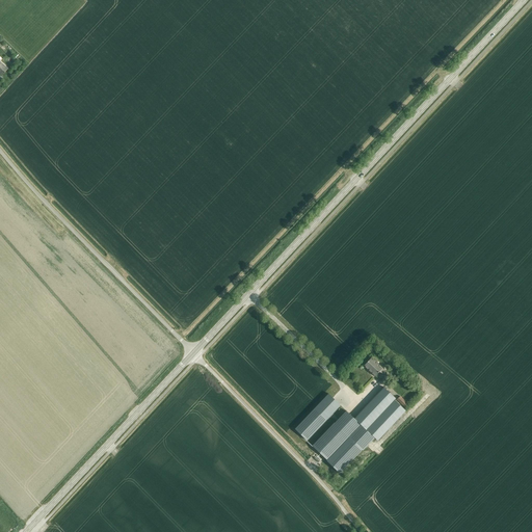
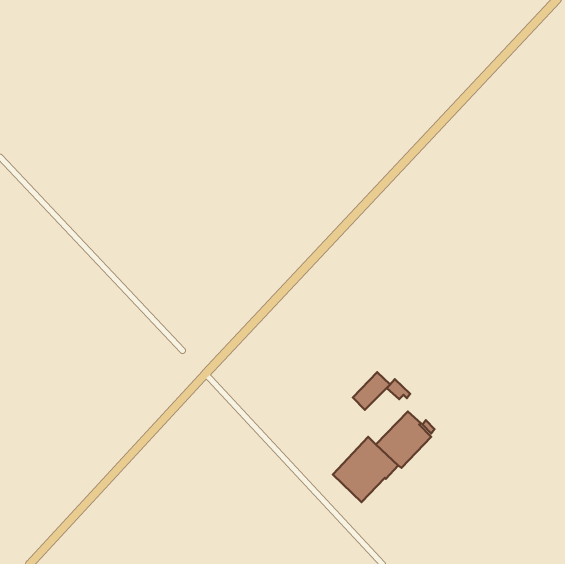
building: [295,404,330,440] -> [353,372,390,410]

